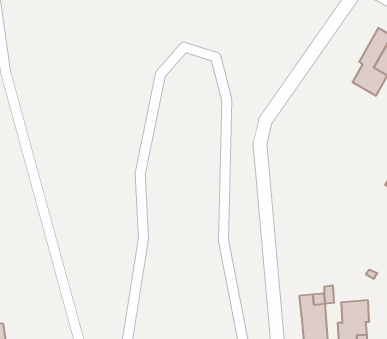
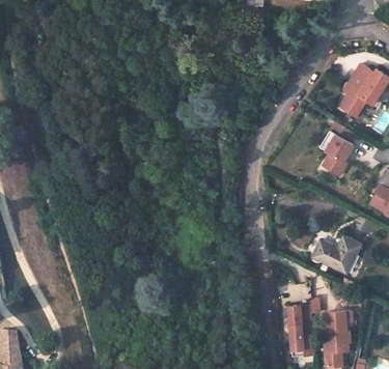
building: none -> [318,135,352,178]
building: none -> [312,235,360,273]

